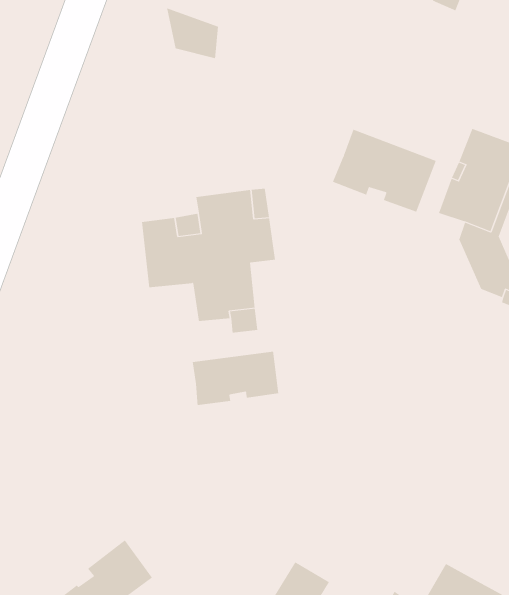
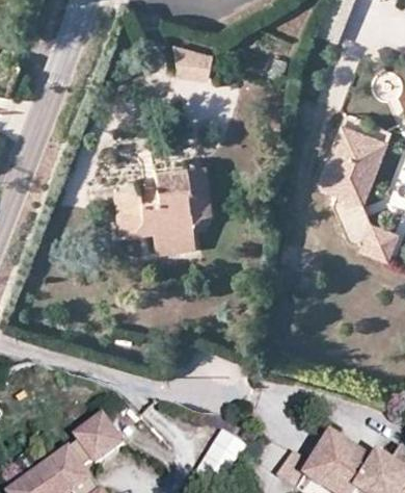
building: [166,7,219,59] -> [172,44,210,80]
building: [332,129,437,213] -> none
building: [192,351,279,406] -> none

